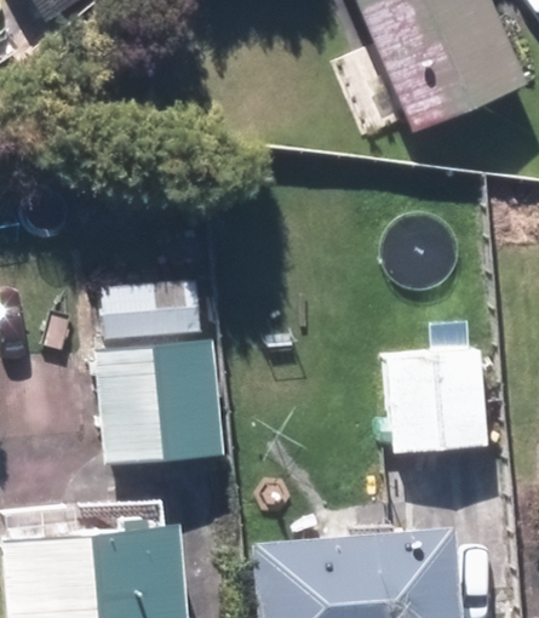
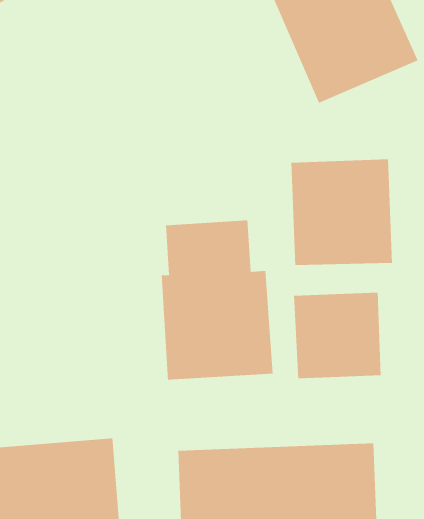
building: none -> [291,158,392,266]
building: [96,279,225,463] -> [161,220,274,380]

